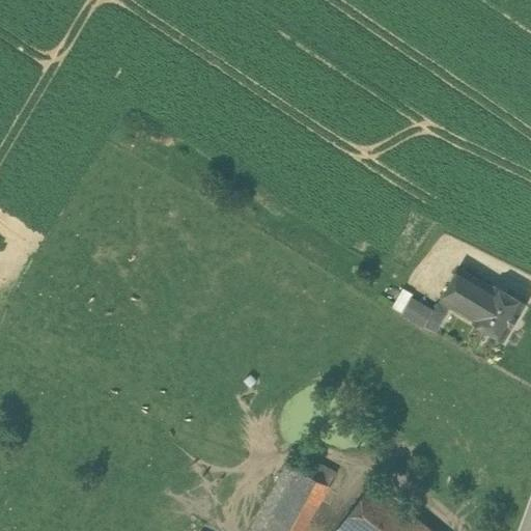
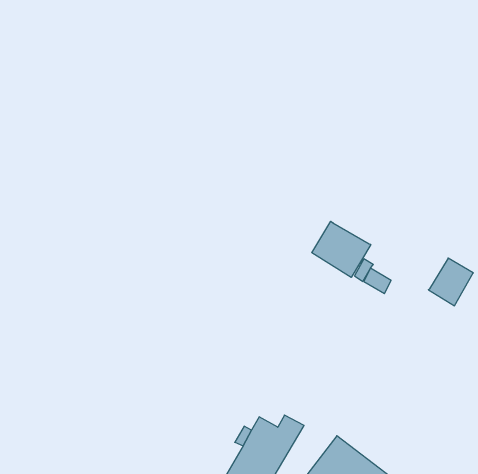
building: none -> [312,221,371,277]
building: [442,272,496,325] -> none

